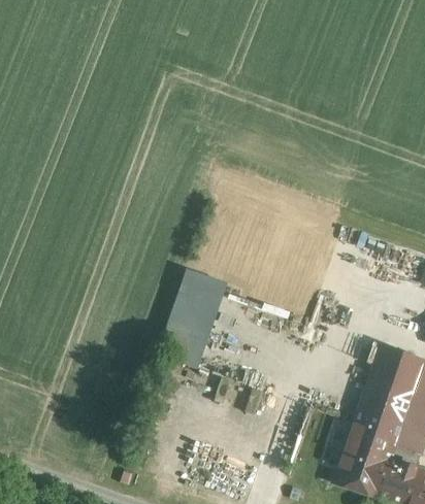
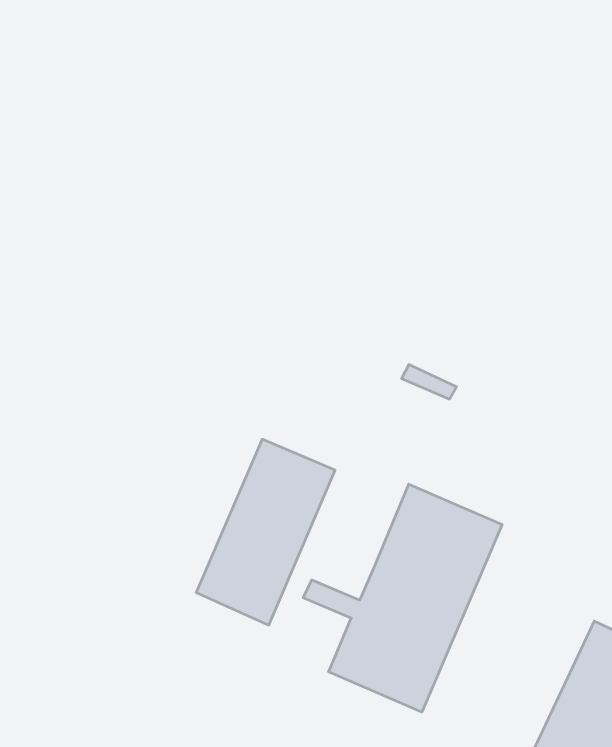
building: none -> [303,484,502,712]

